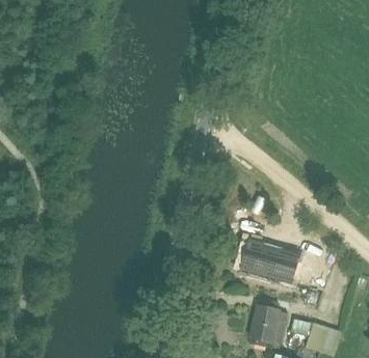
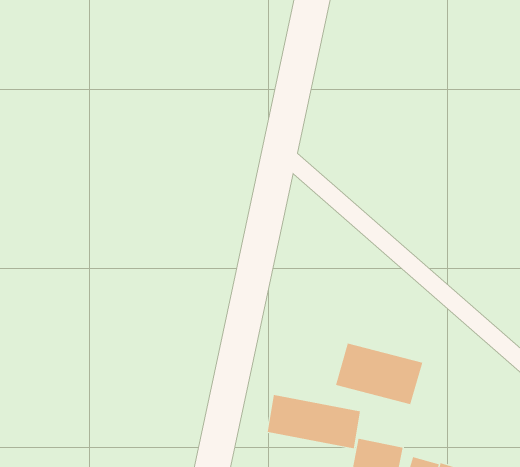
building: none -> [267,394,360,449]

